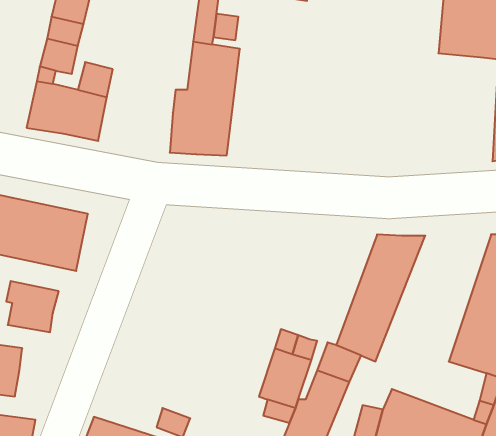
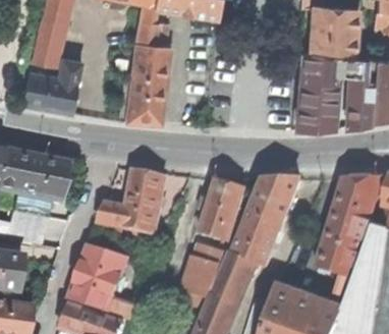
building: none -> [297,51,341,128]
building: none -> [99,169,166,232]
building: none -> [201,179,245,242]
building: none -> [70,245,127,312]

